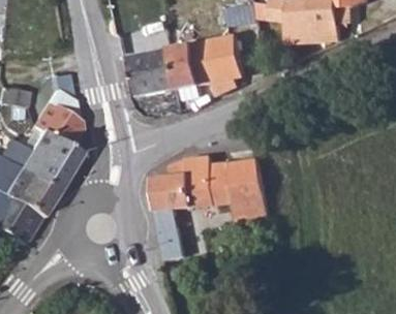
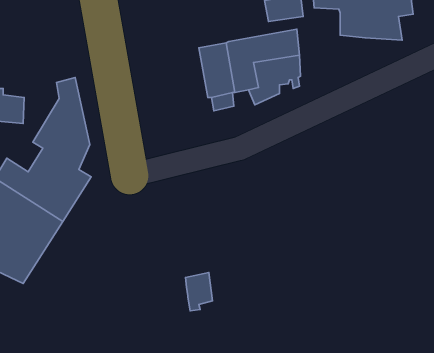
building: [131,48,179,96] -> none
building: [153,150,266,223] -> none

